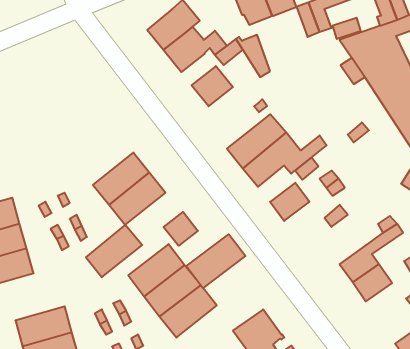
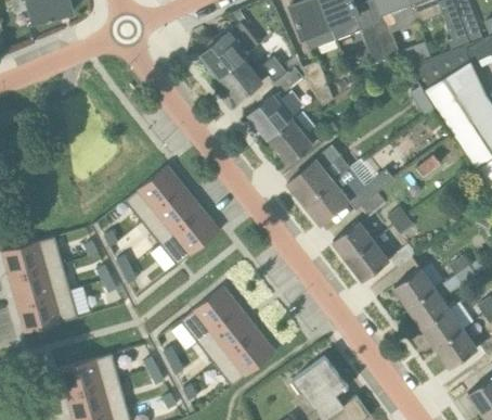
building: none -> [267,116,314,164]
building: none -> [348,240,390,280]
building: [164,212,198,246] -> none
building: [86,225,142,277] -> [125,165,185,221]
building: none -> [393,267,436,307]
building: [186,234,245,288] -> none
building: none -> [436,328,478,368]

